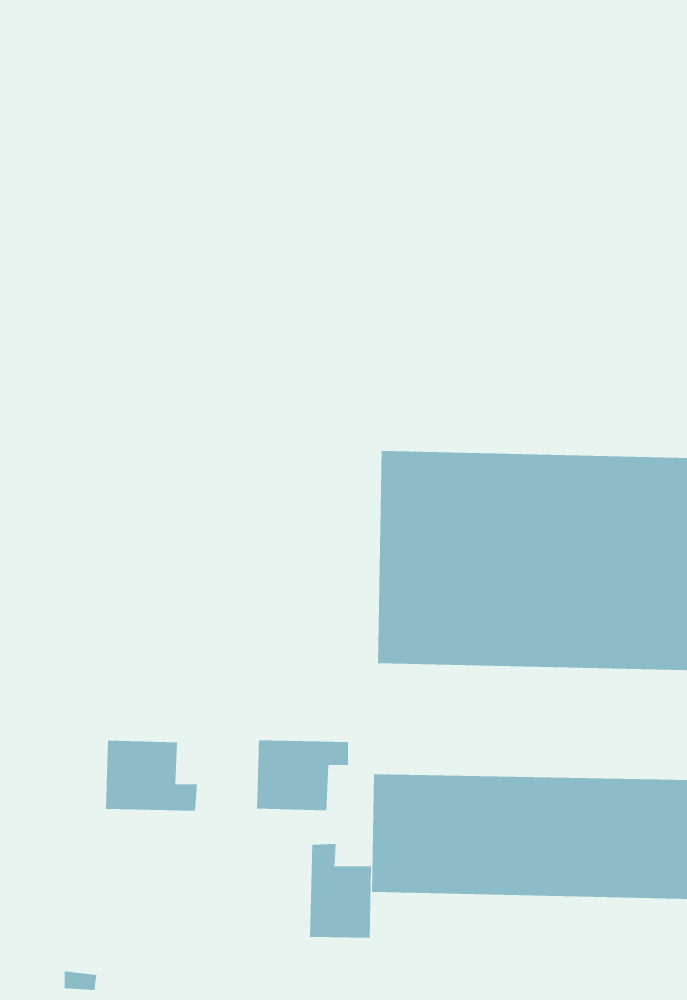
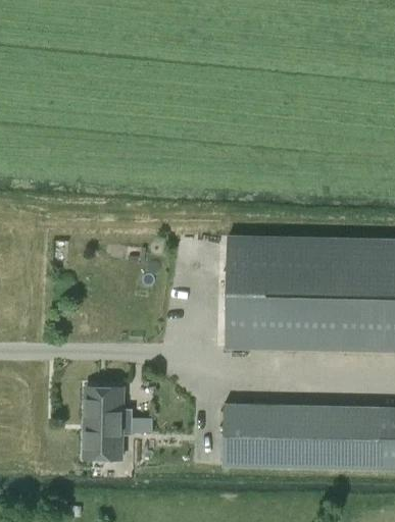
building: [256,740,349,811] -> [83,422,131,459]
building: [310,843,372,939] -> none

